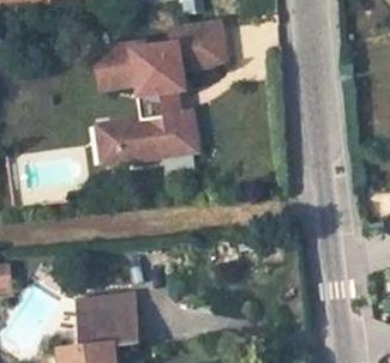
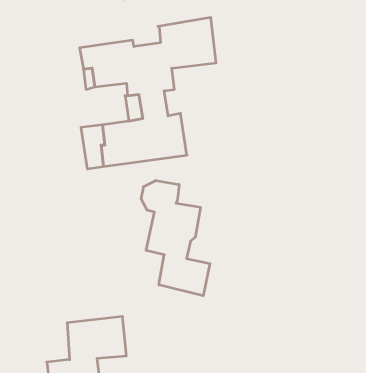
building: none -> [141,180,210,296]

